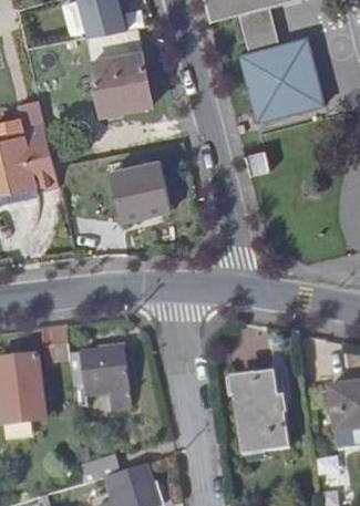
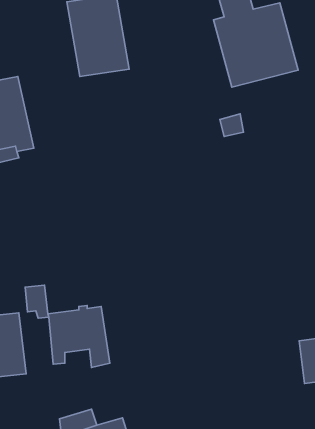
building: [111,161,168,225] -> none
building: [230,369,288,453] -> none

